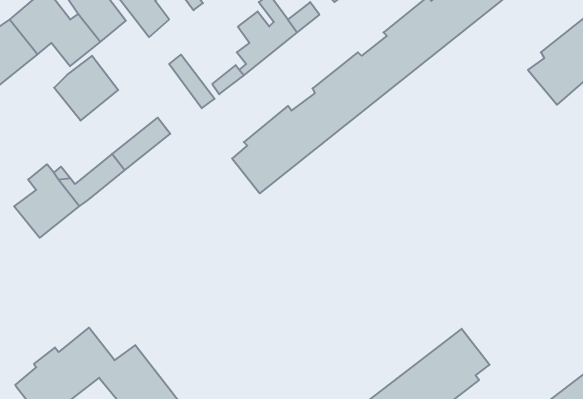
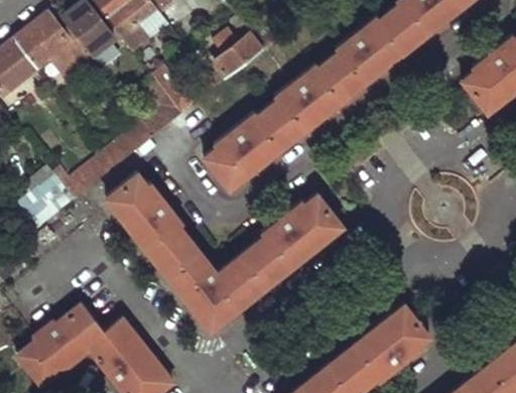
building: [54,56,118,121] -> none
building: none -> [108,175,340,329]

